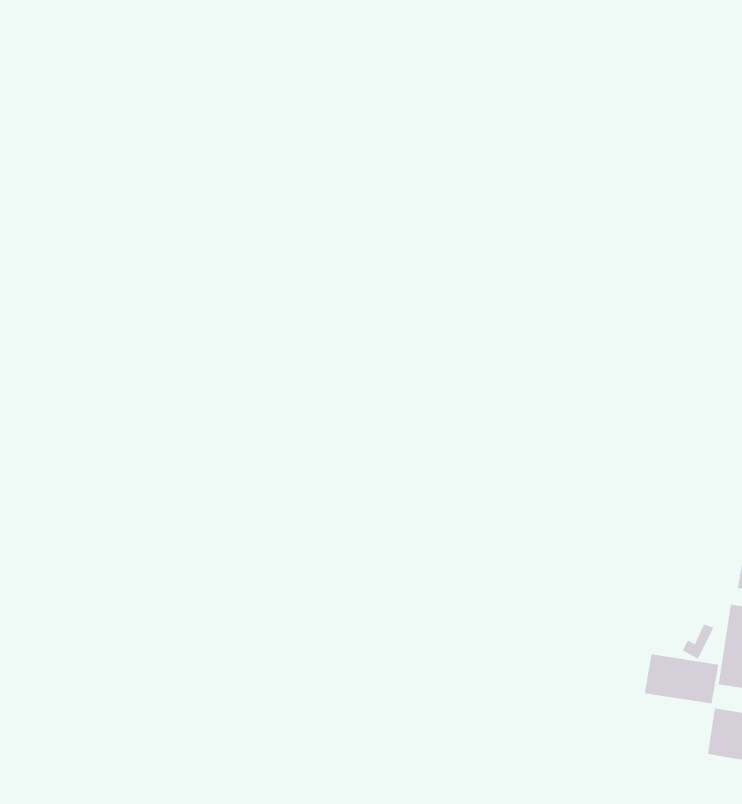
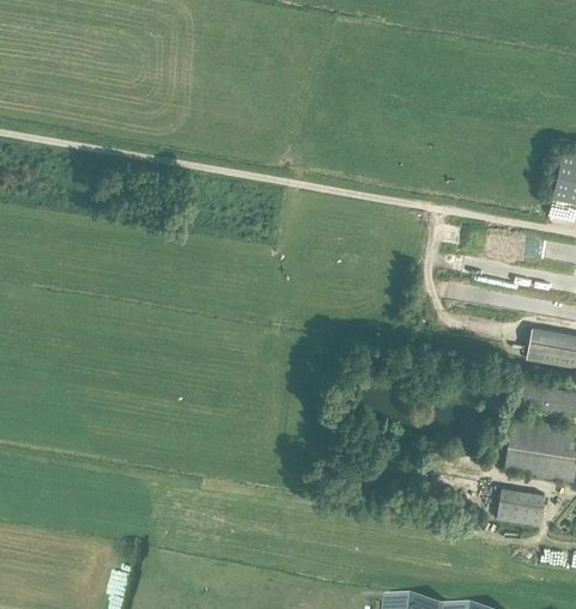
building: [644,654,719,704] -> none

